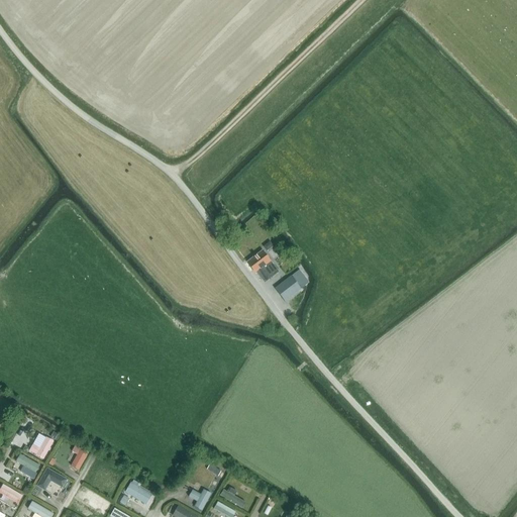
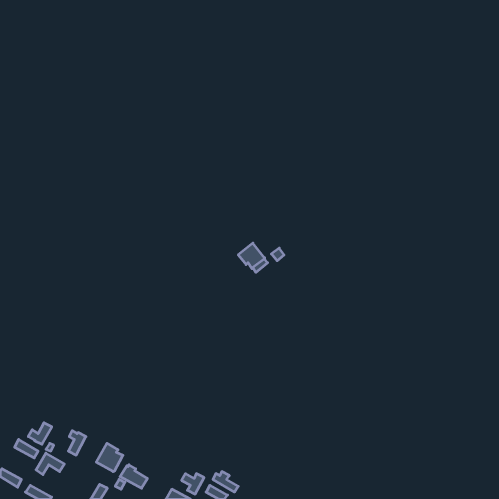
building: [275,270,309,302] -> none
building: none -> [96,443,123,472]

